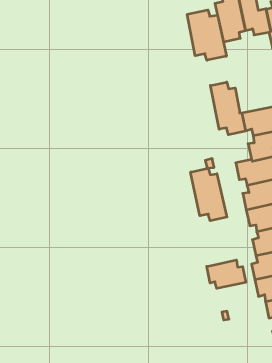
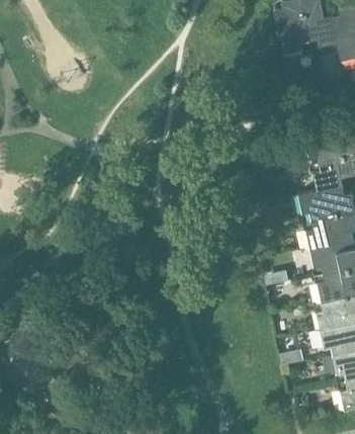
building: [187,10,226,60] -> none
building: [210,82,245,135] -> none
building: [191,168,227,221] -> none
building: [207,260,246,288] -> none

